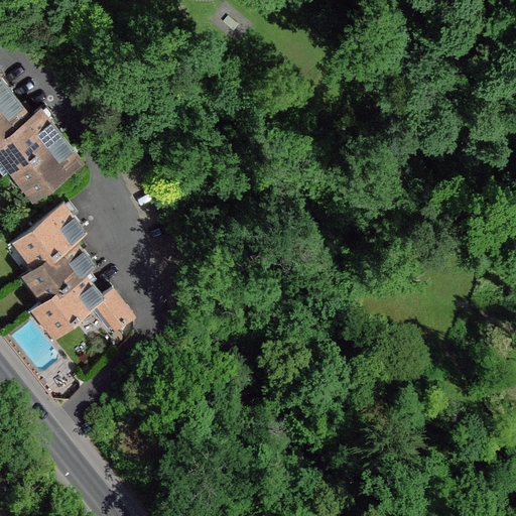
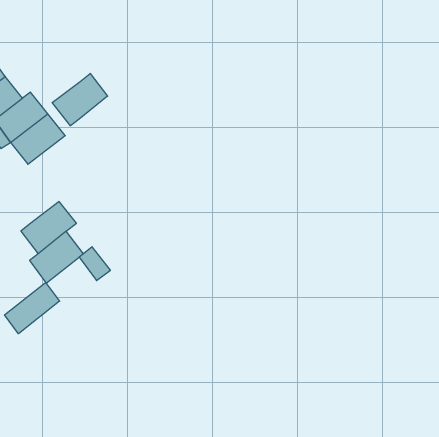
building: none -> [52,73,108,126]
building: [15,209,80,268] -> none
building: none -> [5,283,60,334]

